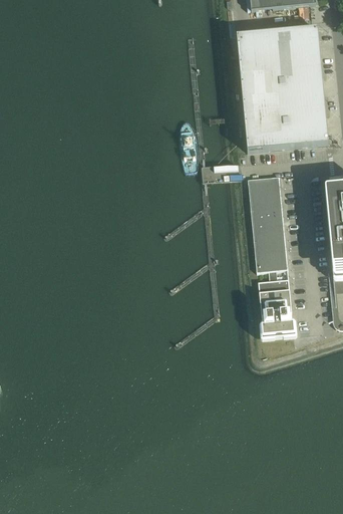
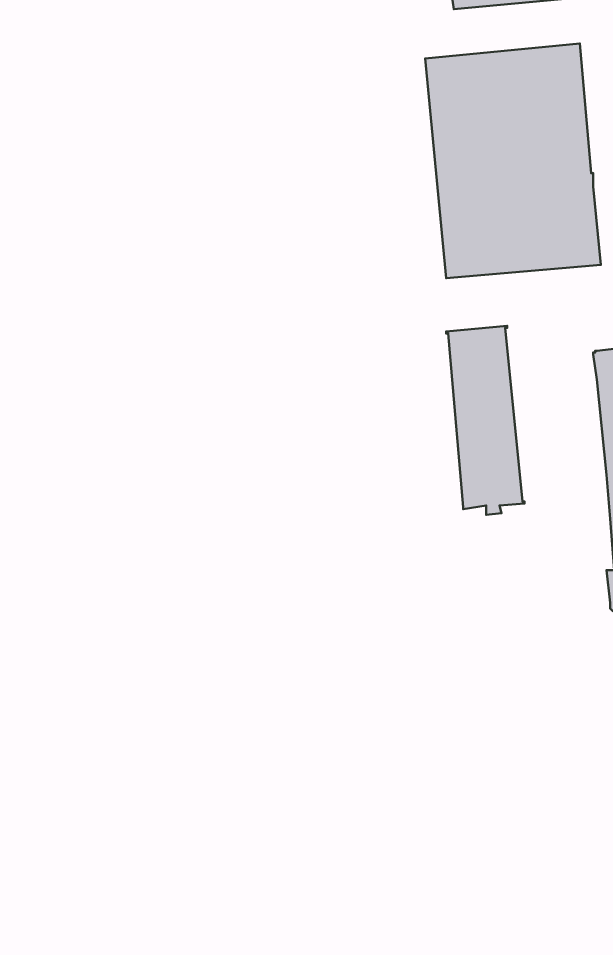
building: [258,270,296,335] -> none

